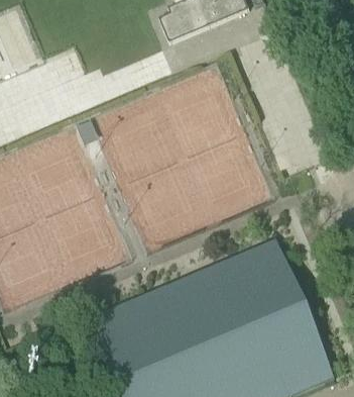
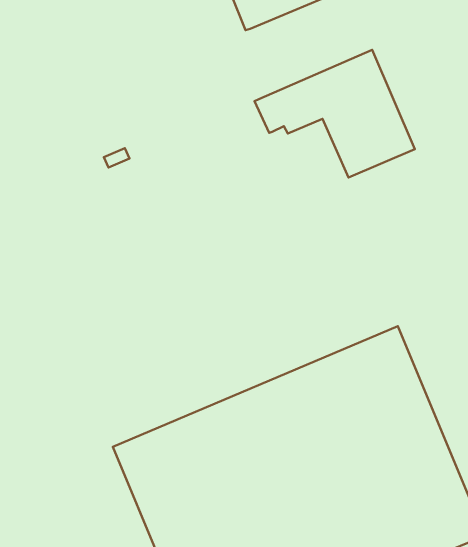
building: none -> [254,50,415,177]

